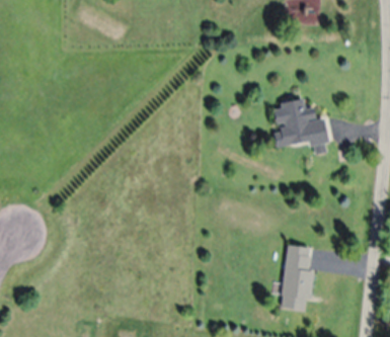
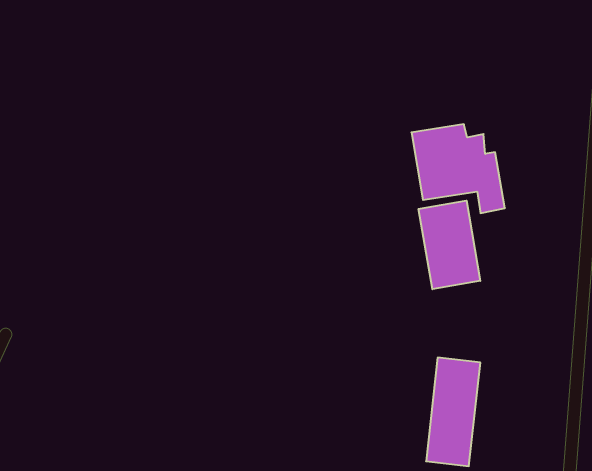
building: none -> [419,201,480,289]

